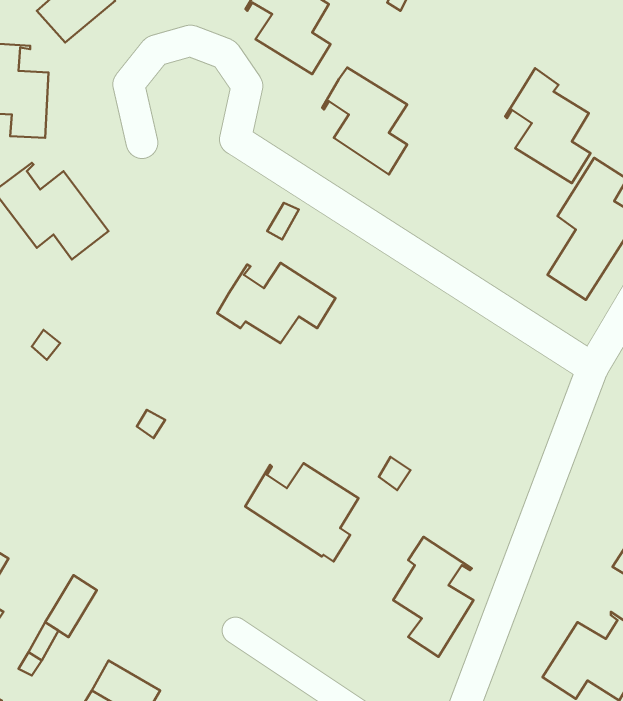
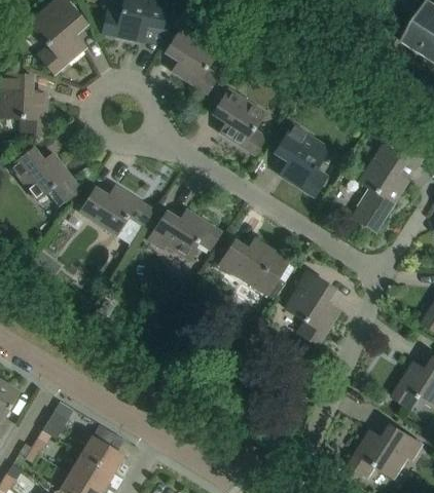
building: [505,68,590,183] -> [275,123,327,194]
building: none -> [79,186,153,248]
building: [245,463,358,562] -> [219,238,289,299]
building: [393,537,473,657] -> [287,270,336,344]
building: none -> [81,435,125,472]

